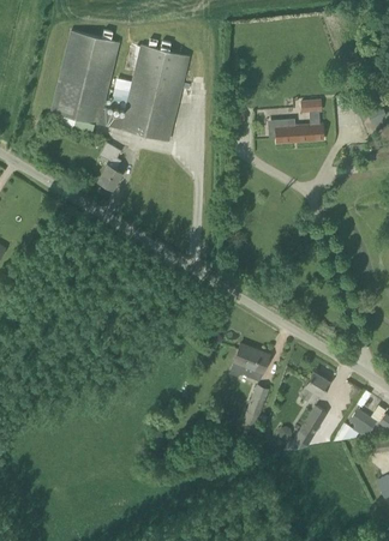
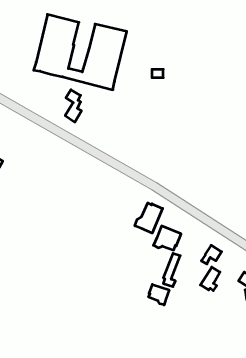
building: [275,98,323,143] -> none
building: none -> [135,203,163,233]
building: none -> [149,284,169,305]

